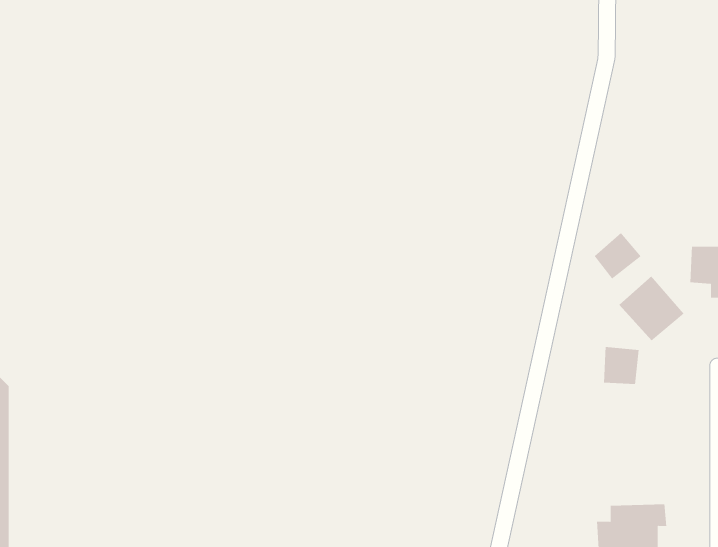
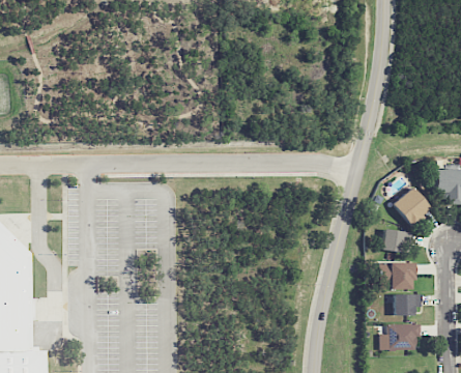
building: [594,232,642,280] -> none
building: none -> [381,262,415,289]
building: none -> [395,293,423,315]

